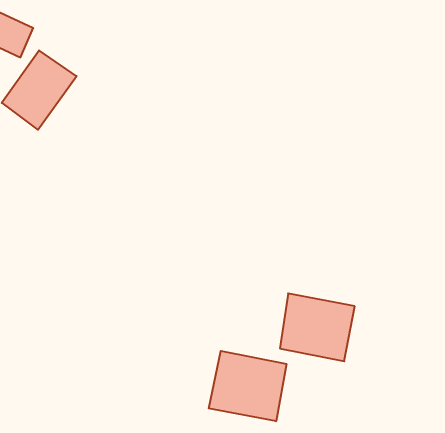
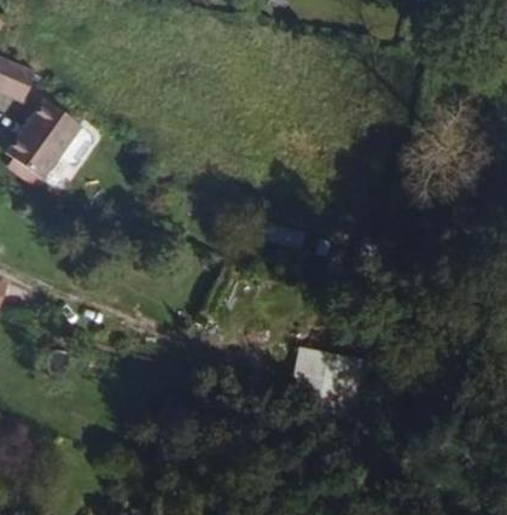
building: [209,351,286,421] -> none

